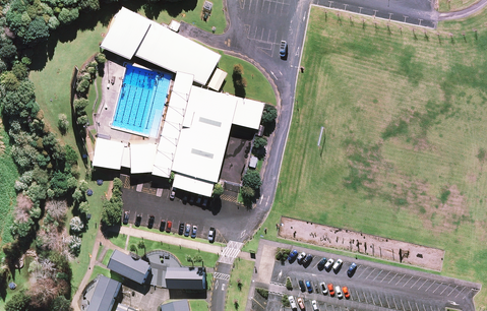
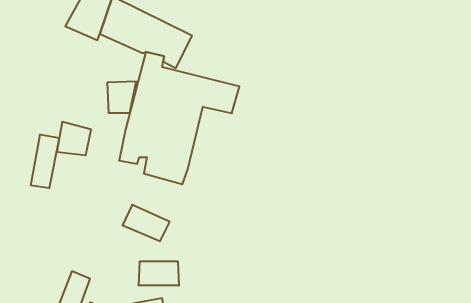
building: [126,141,154,171] -> [107,82,136,113]
building: none -> [31,134,59,188]
building: [107,248,151,283] -> [122,205,170,241]

